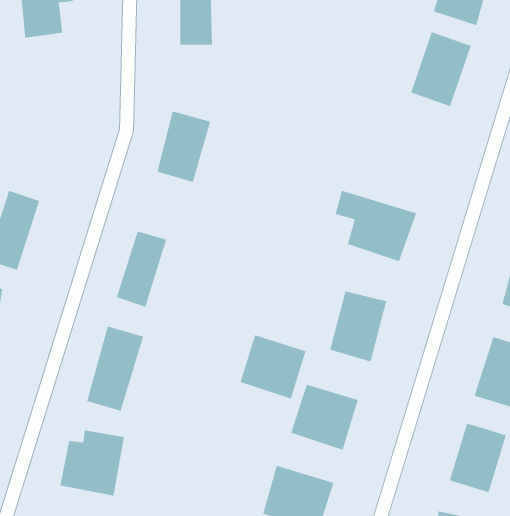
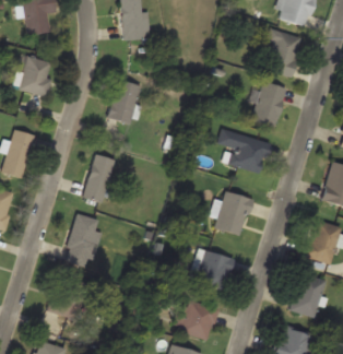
building: none -> [19,57,52,96]
building: none -> [250,81,286,128]
building: [240,334,307,399] -> none

